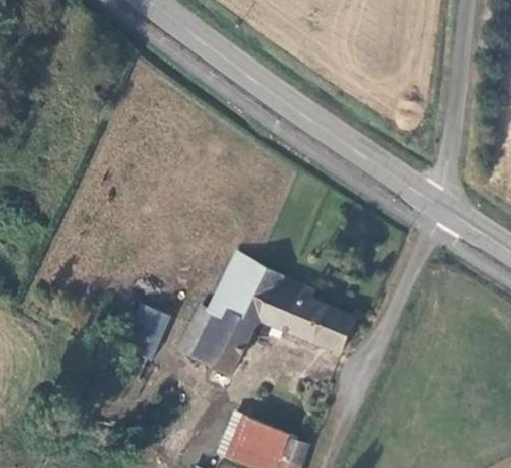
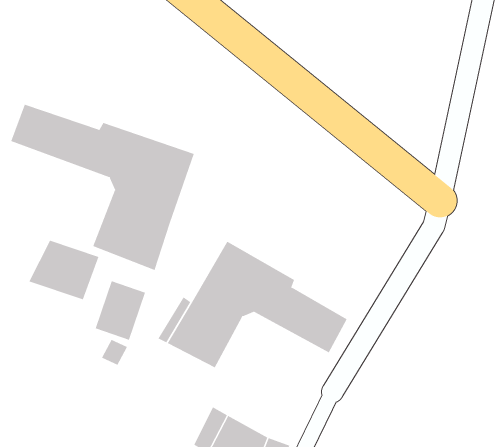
building: none -> [10,104,194,271]
building: none -> [29,240,99,300]

